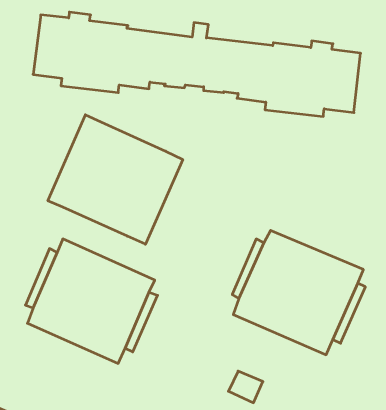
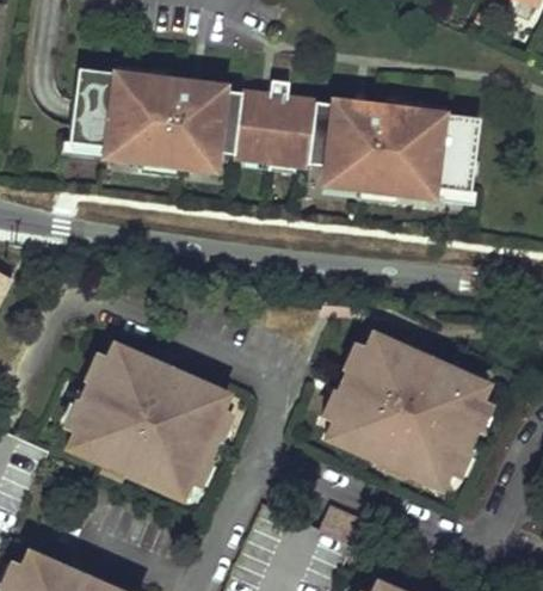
building: [48,115,183,244] -> none

